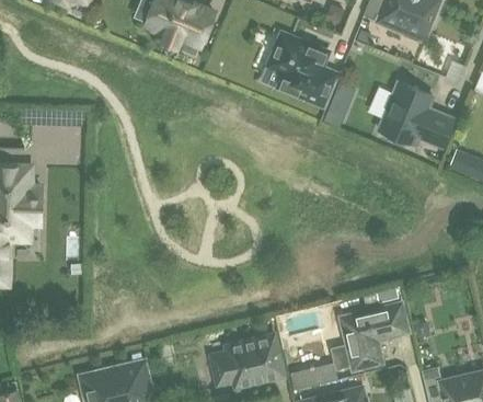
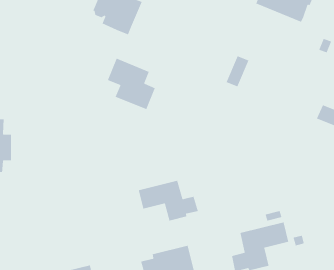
building: [268,33,333,103] -> [107,57,156,110]
building: [378,81,452,145] -> none
building: none -> [138,180,199,221]

